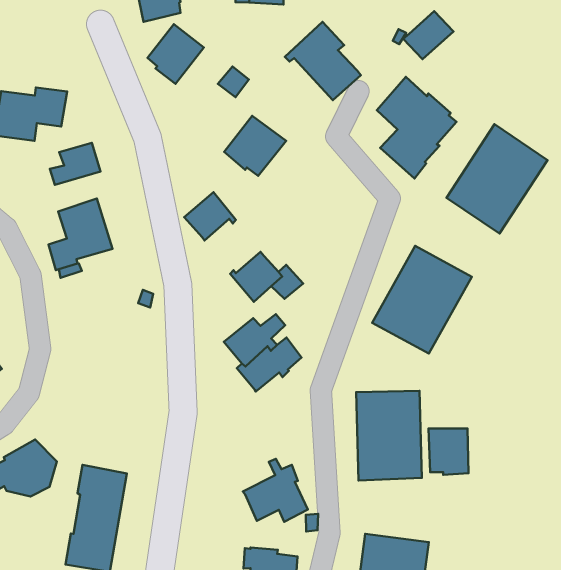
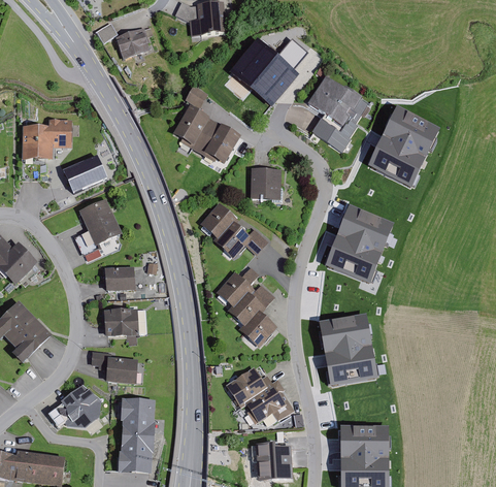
building: [403,11,454,59] -> [271,38,308,75]
building: [147,24,204,84] -> [172,105,213,150]
building: none -> [250,168,280,198]
building: [184,192,236,240] -> [199,202,238,239]
building: none -> [104,266,135,291]
building: none -> [103,307,146,336]
building: none -> [238,310,277,348]
building: none -> [91,351,137,384]
building: [429,428,469,475] -> none
building: none -> [225,367,266,409]

